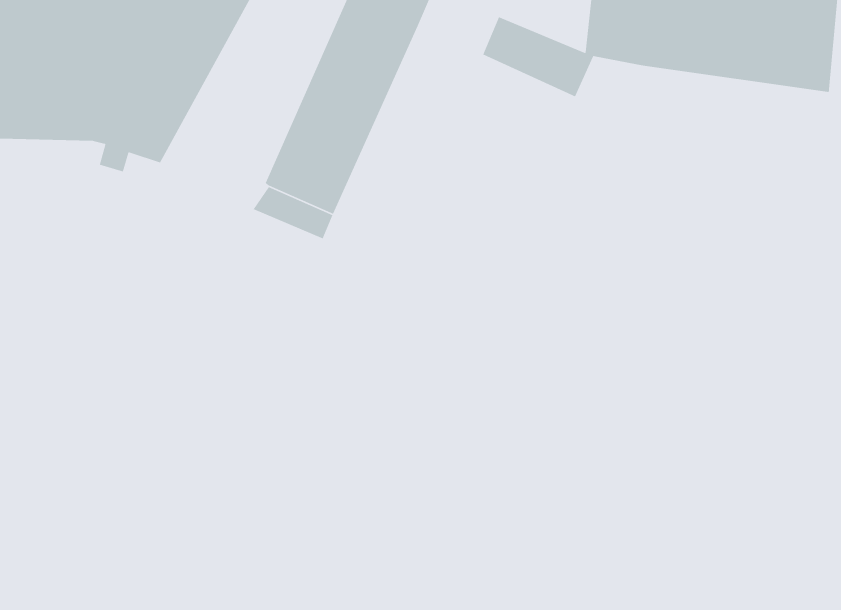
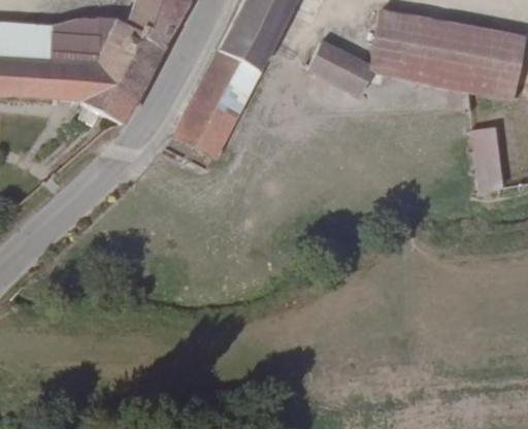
building: none -> [473,130,502,191]

